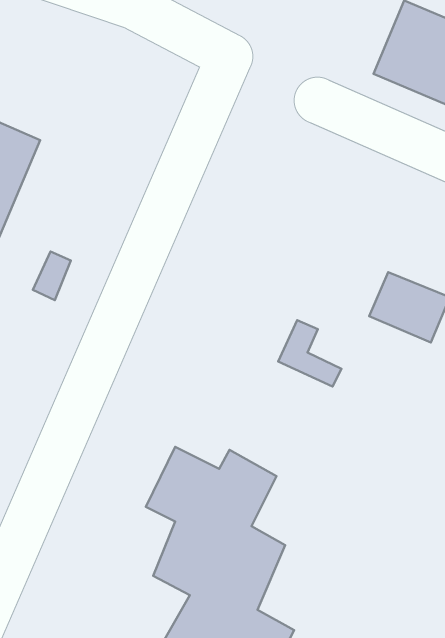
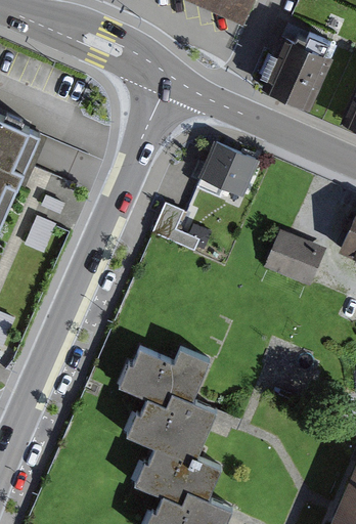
building: none -> [197,139,261,196]
building: [278,320,341,386] -> [158,205,202,251]

